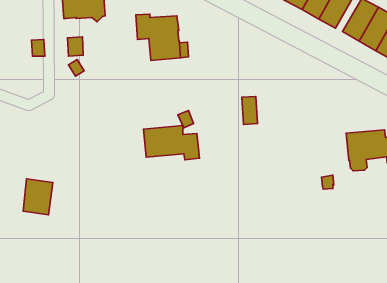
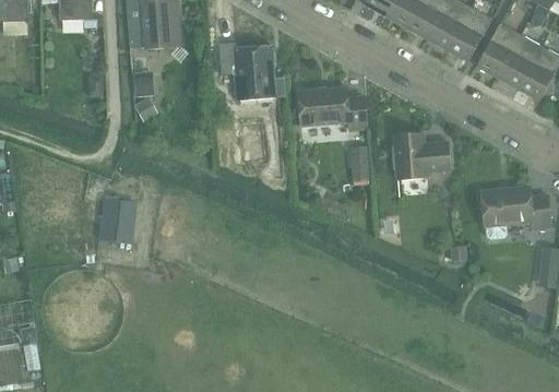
building: none -> [394,132,450,178]
building: [143,126,200,160] -> [298,86,368,129]
building: [23,179,53,215] -> [100,199,138,243]

